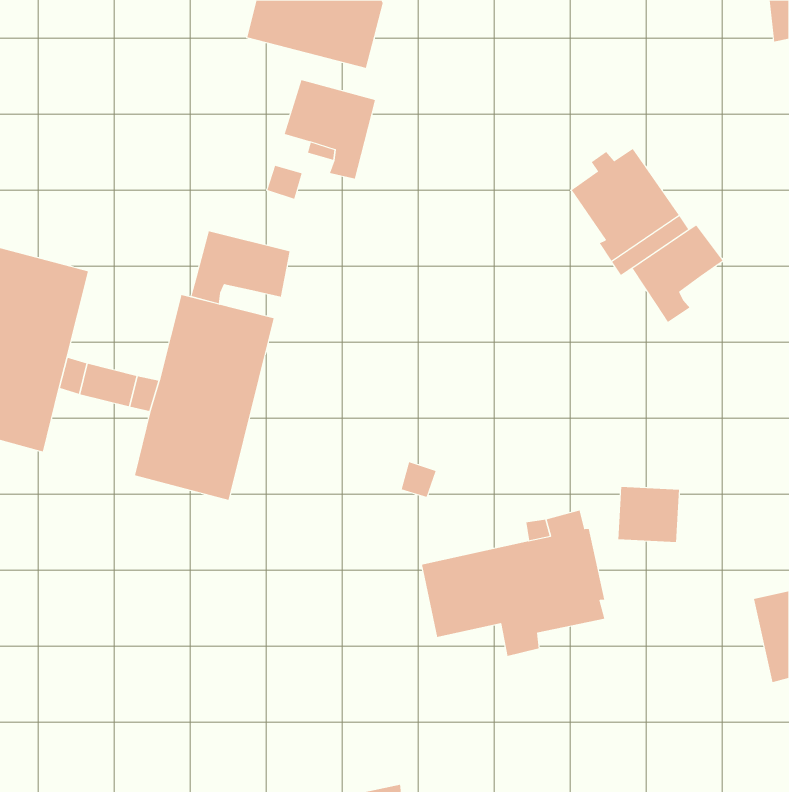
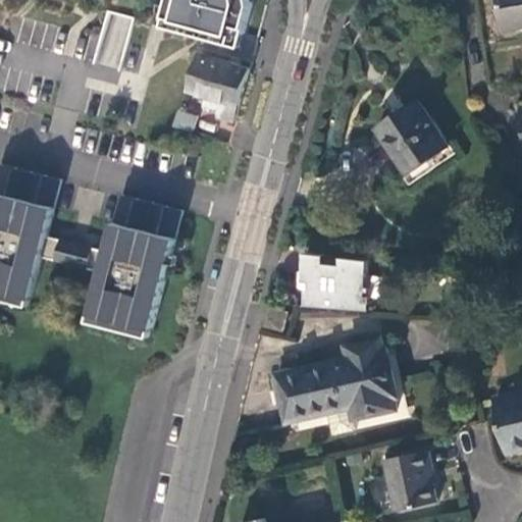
building: none -> [86,12,126,71]
building: [632,224,724,323] -> none
building: [191,230,290,304] -> none
building: none -> [295,252,364,310]
building: none -> [382,448,433,508]

